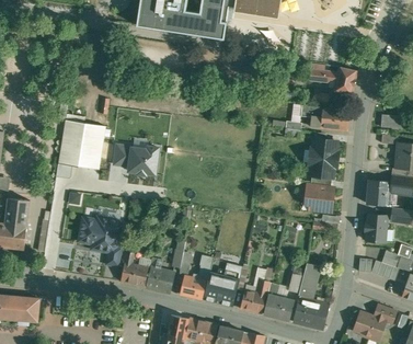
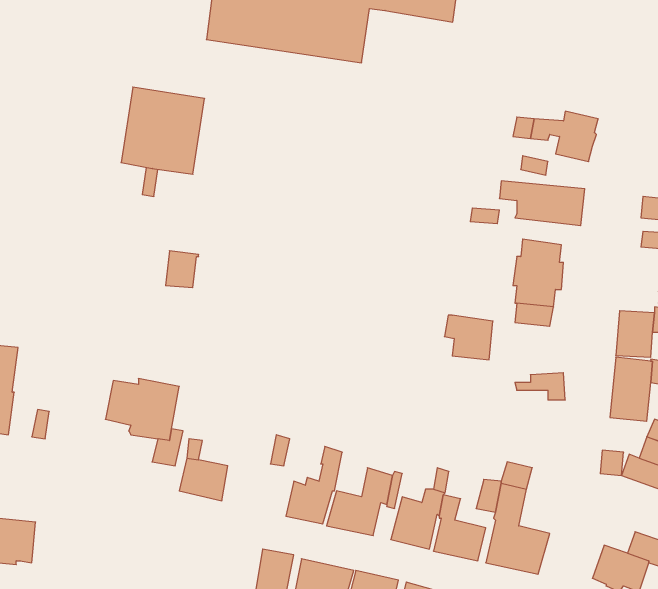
building: [58,119,105,169] -> [121,87,205,174]
building: [128,146,158,174] -> none
building: [306,185,333,210] -> [444,315,493,360]
building: [146,266,174,291] -> none

